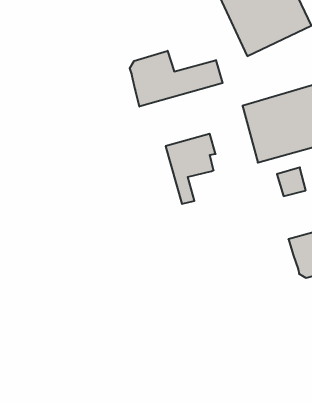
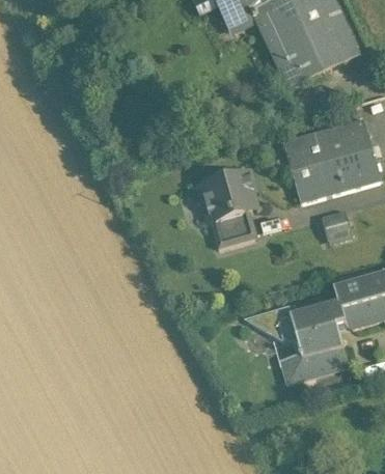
building: [130,51,223,107] -> none
building: none -> [225,212,258,244]
building: none -> [249,302,348,381]

